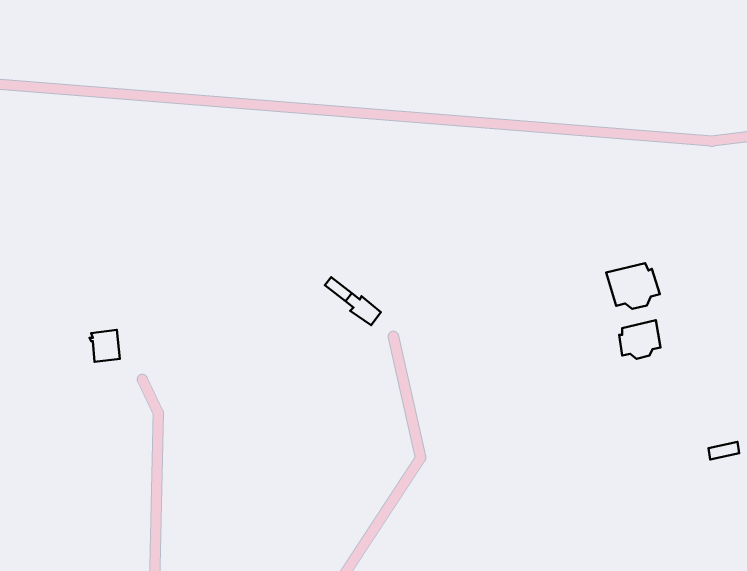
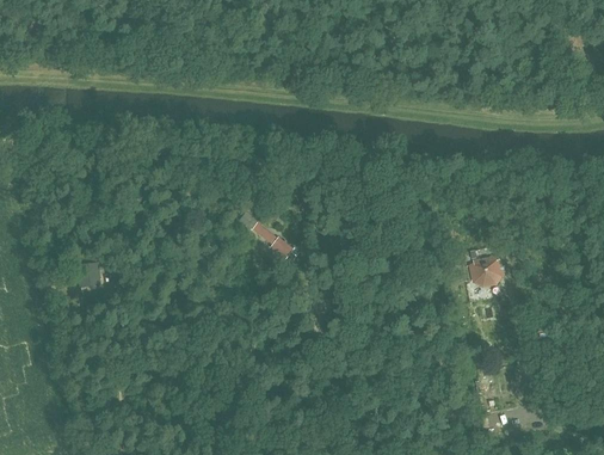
building: [606,263,660,309] -> none

